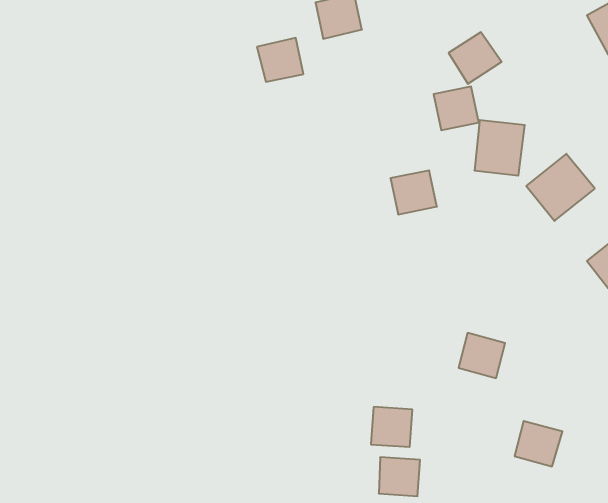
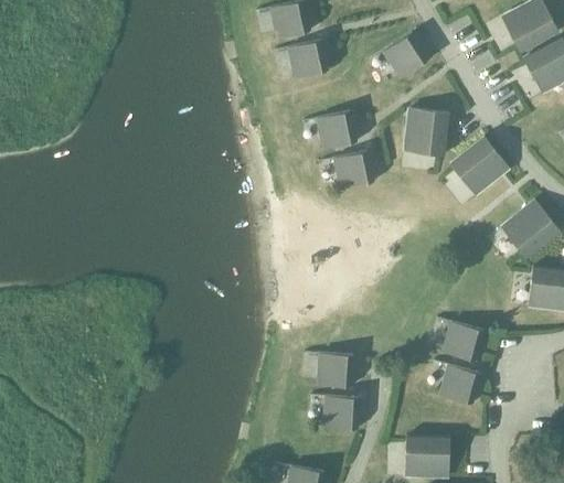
building: [257,38,303,82] -> [288,40,328,77]
building: [434,86,479,130] -> [318,111,357,149]
building: [459,333,505,378] -> [444,322,483,361]

